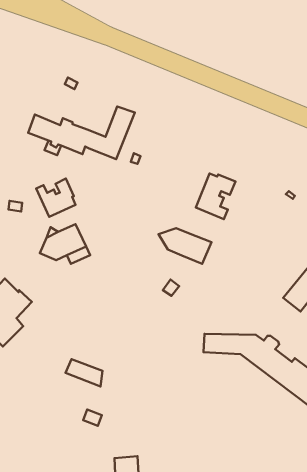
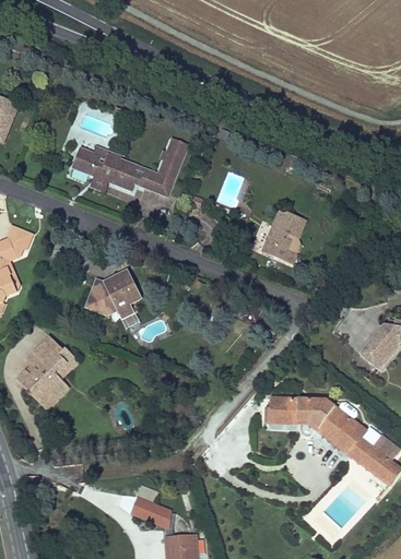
building: [36,179,76,217] -> none
building: [158,228,211,264] -> none
building: [66,359,102,386] -> [128,497,169,527]

